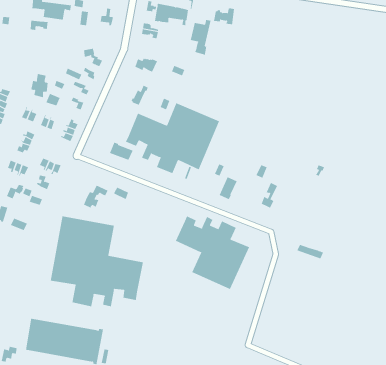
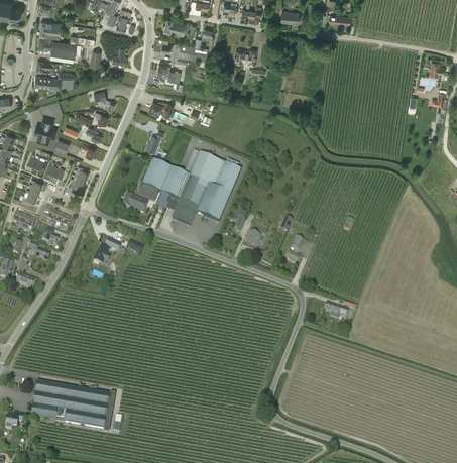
building: [190,19,211,56] -> none
building: none -> [34,72,75,89]
building: [175,216,250,290] -> none
building: [50,216,143,307] -> none

